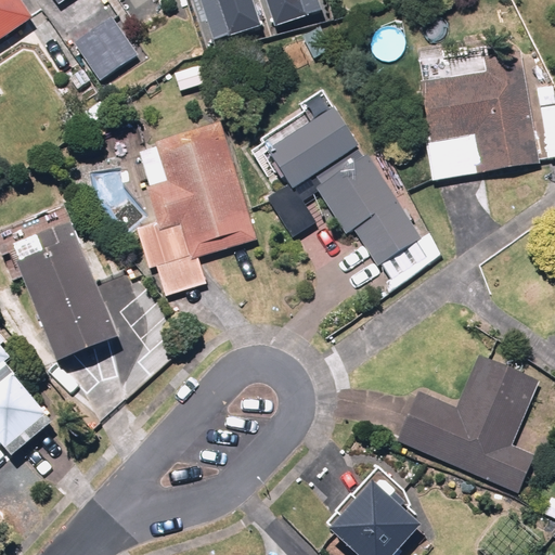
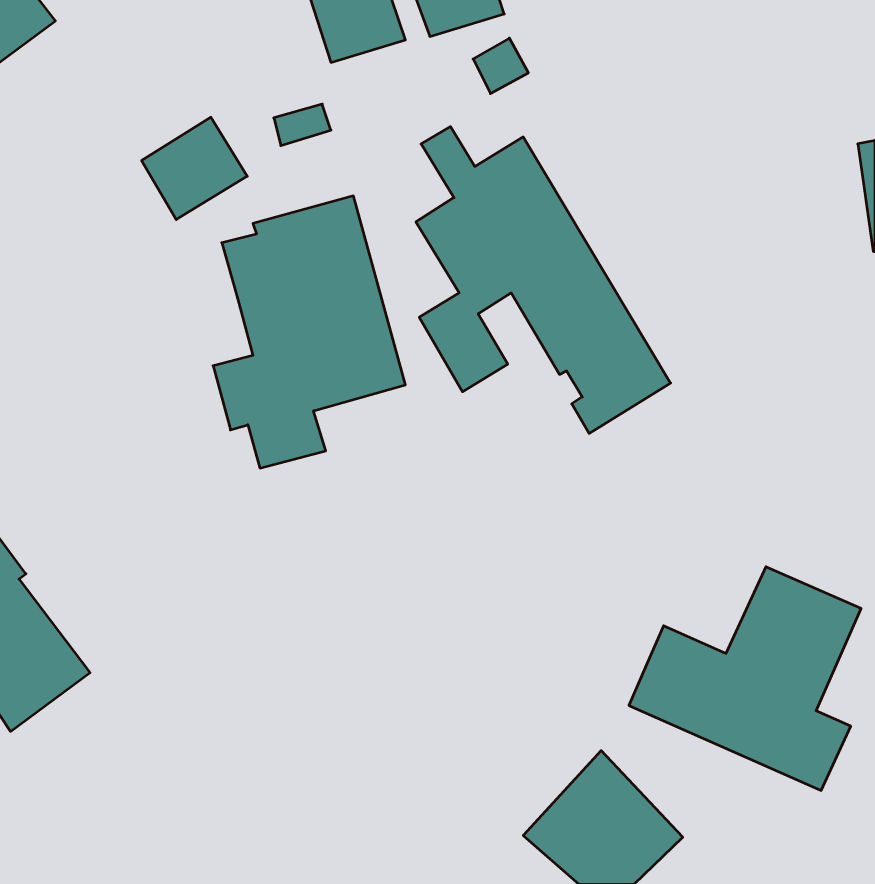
building: [68,17,134,81] -> [142,117,247,220]
building: [413,66,535,181] -> none
building: [22,220,119,358] -> none

